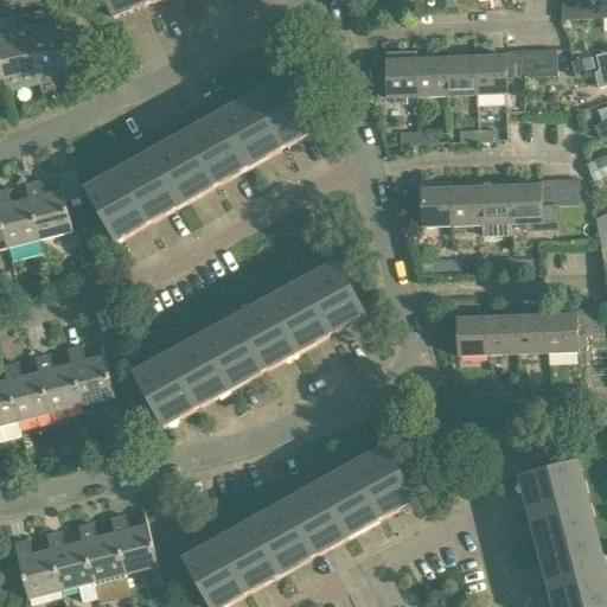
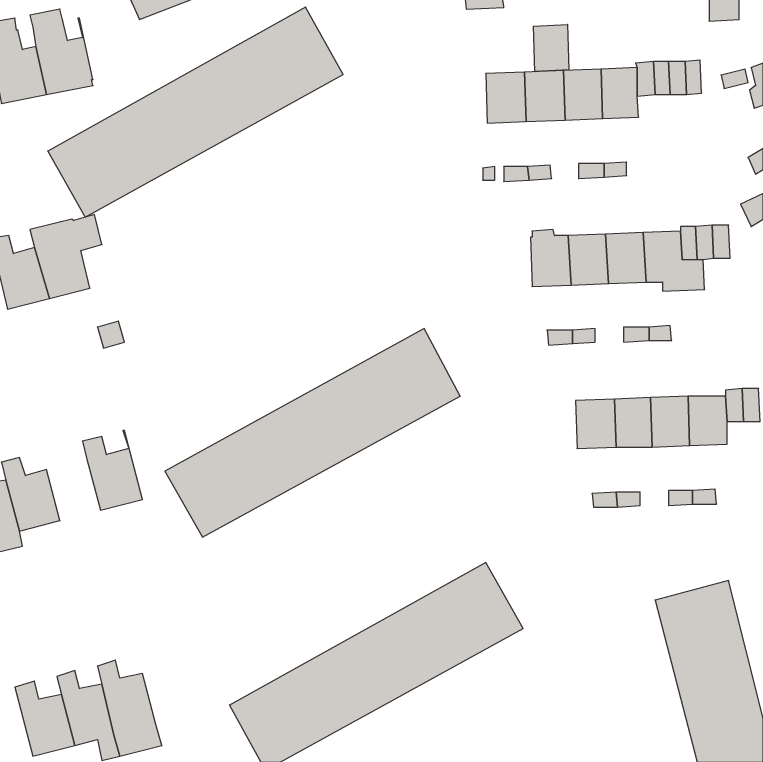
building: none -> [533,24,569,72]
building: [83,74,317,239] -> [48,7,343,217]
building: [33,353,79,411] -> none
building: [109,509,156,573] -> none

